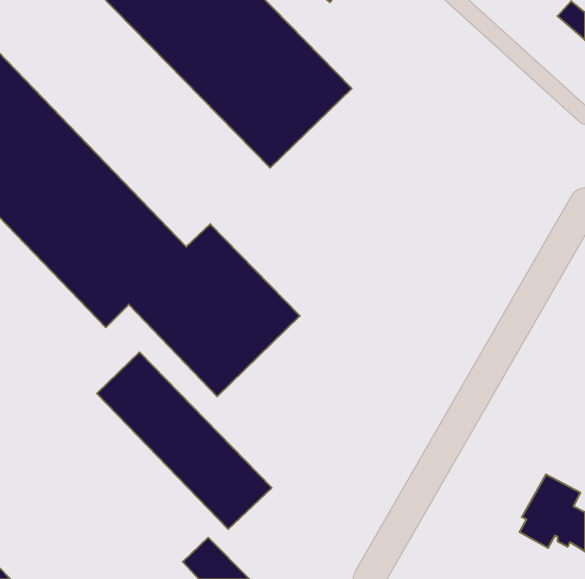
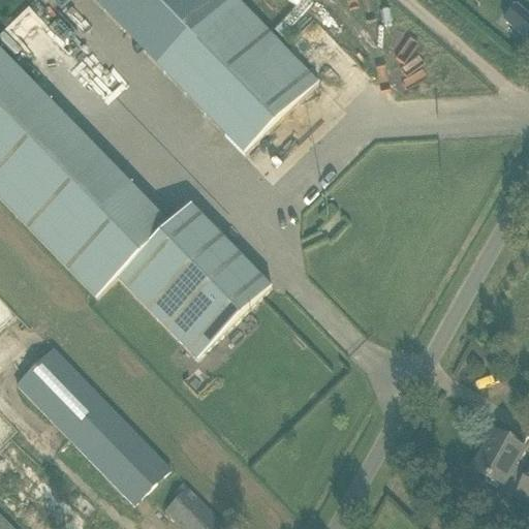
building: [97,352,272,529] -> [14,344,172,503]

